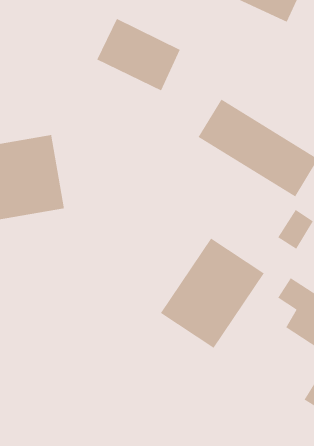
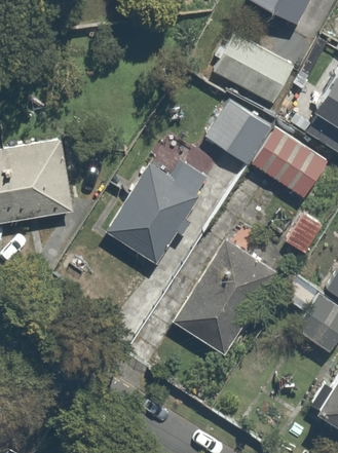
building: [96,18,181,91] -> [211,32,296,106]
building: none -> [107,139,216,265]

